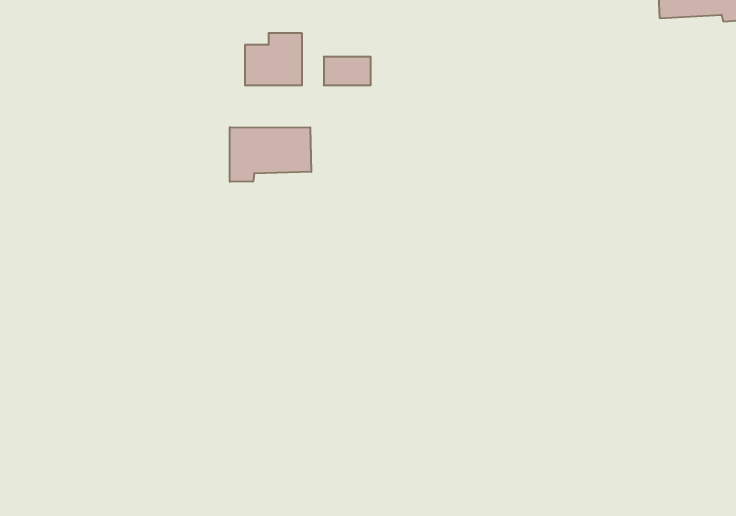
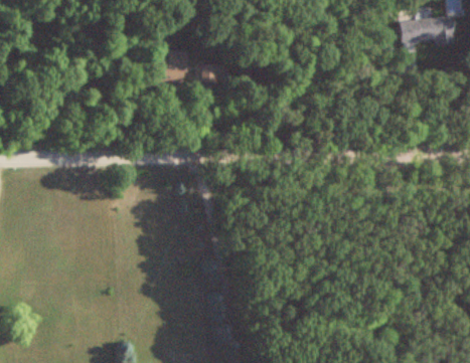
building: [230,127,311,182] -> none

